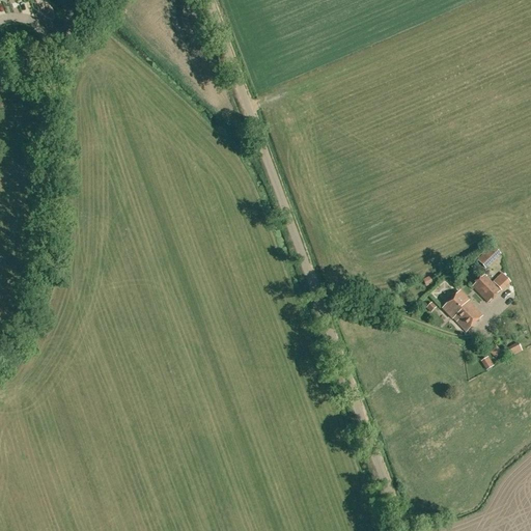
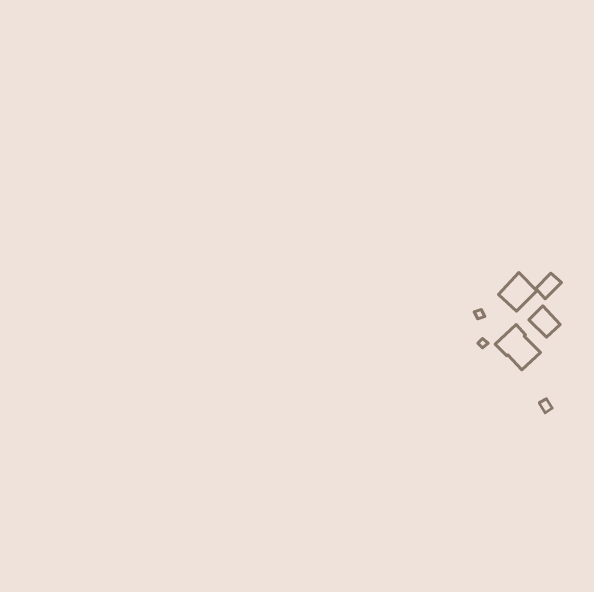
building: none -> [498,273,537,311]

